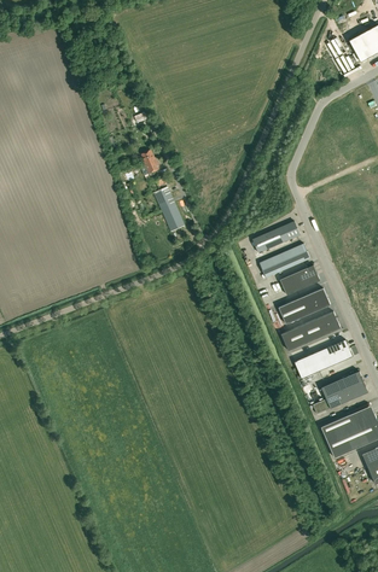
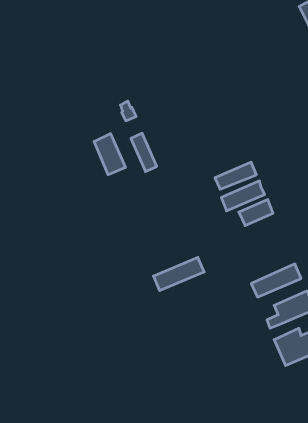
building: none -> [94,134,125,175]
building: [279,286,331,322] -> none
building: [281,310,341,349] -> [153,257,204,291]

